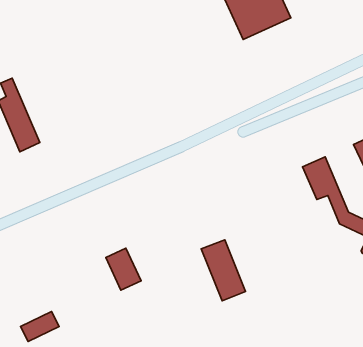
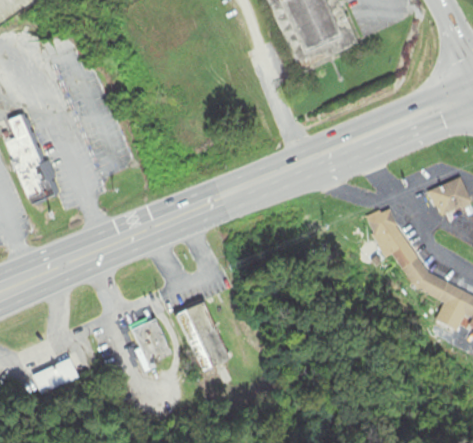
building: [201,240,246,301] -> [177,298,230,371]
building: [21,311,59,342] -> [34,358,80,394]

